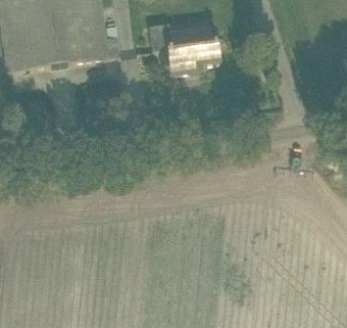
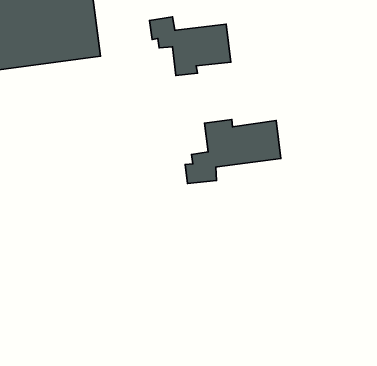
building: none -> [185,120,281,183]

